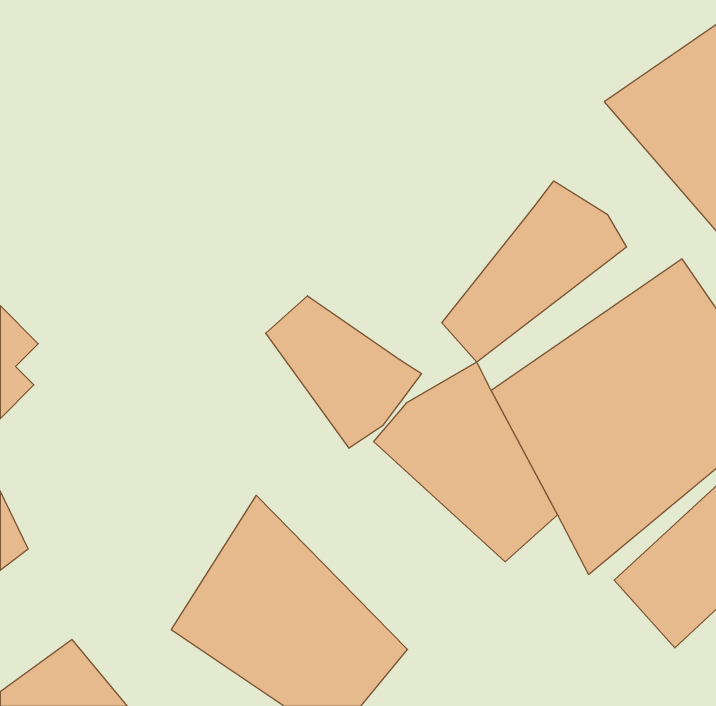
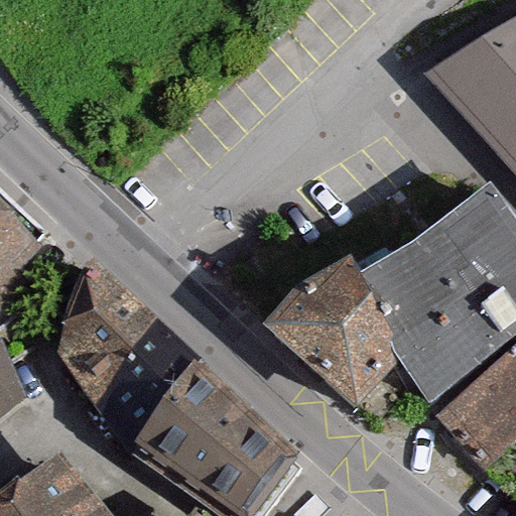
building: [442,181,627,362] -> none
building: [266,296,421,448] -> none
building: none -> [49,262,187,448]

